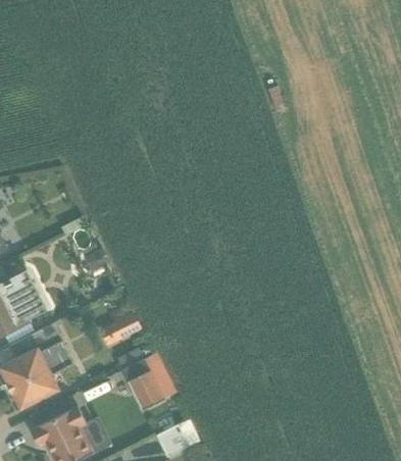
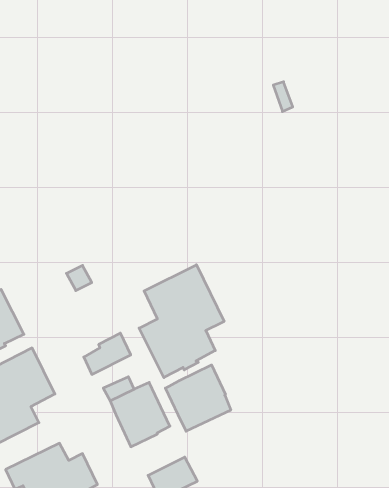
building: none -> [139,265,224,378]
building: none -> [165,365,231,431]

